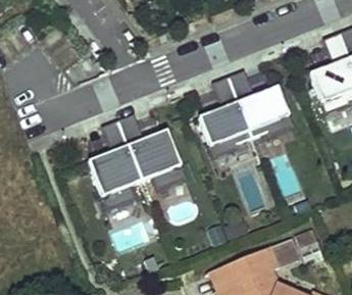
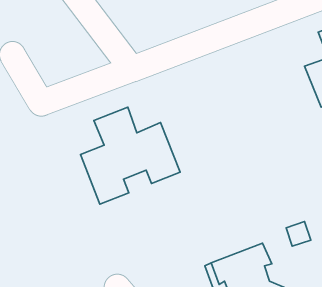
building: [199,69,294,156] -> none

